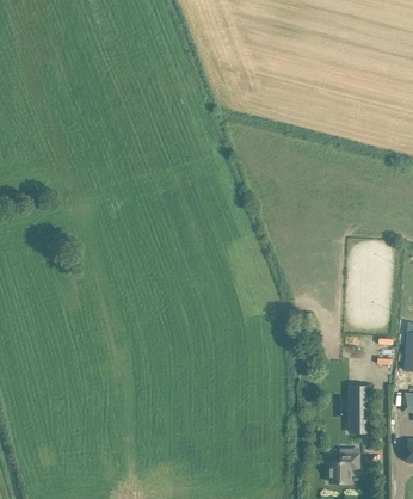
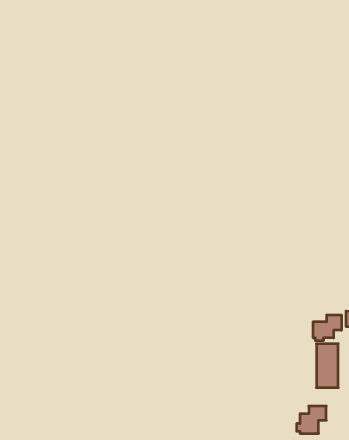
building: none -> [313,315,341,341]

